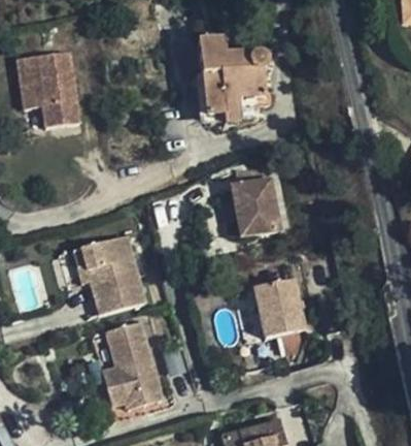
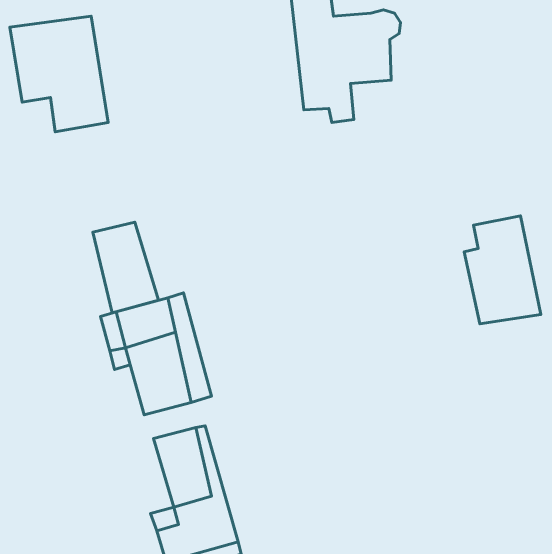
building: [233,160,283,231] -> [464,216,541,324]
building: none -> [93,222,159,313]
building: [256,277,307,334] -> none

